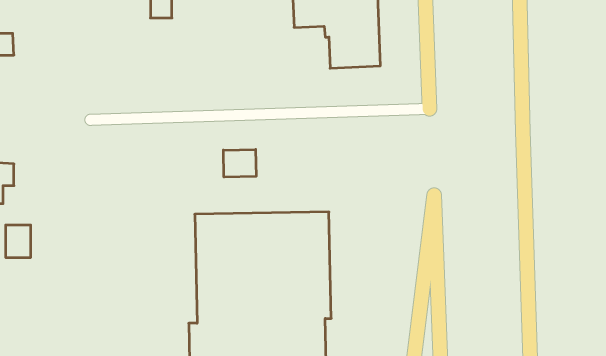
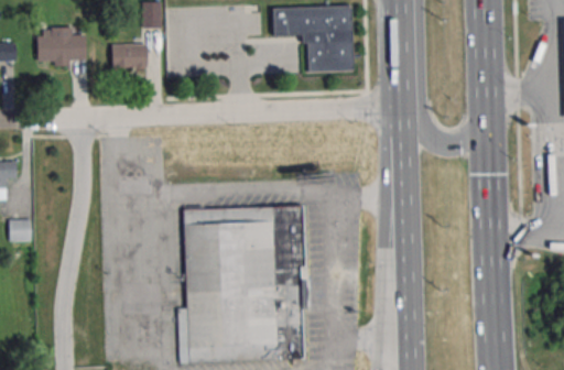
building: none -> [37,28,86,65]
building: none -> [111,43,148,67]
building: [223,149,256,177] -> none

